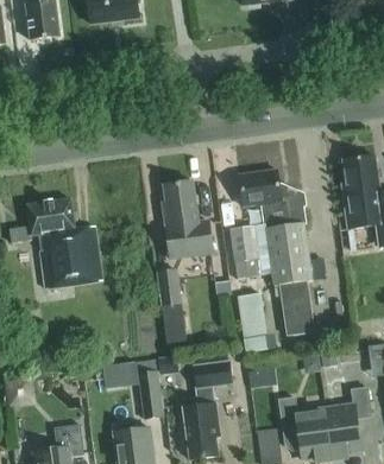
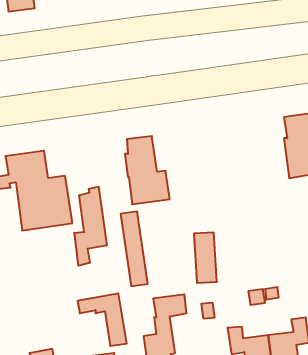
building: [229,169,314,336] -> none
building: none -> [74,187,107,266]

